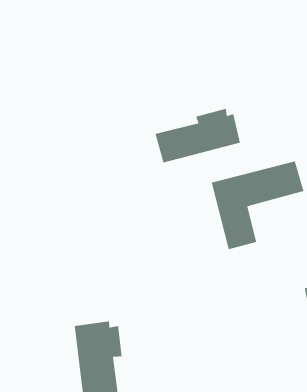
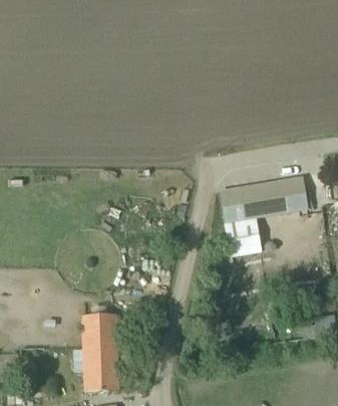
building: [155,108,241,163] -> none

